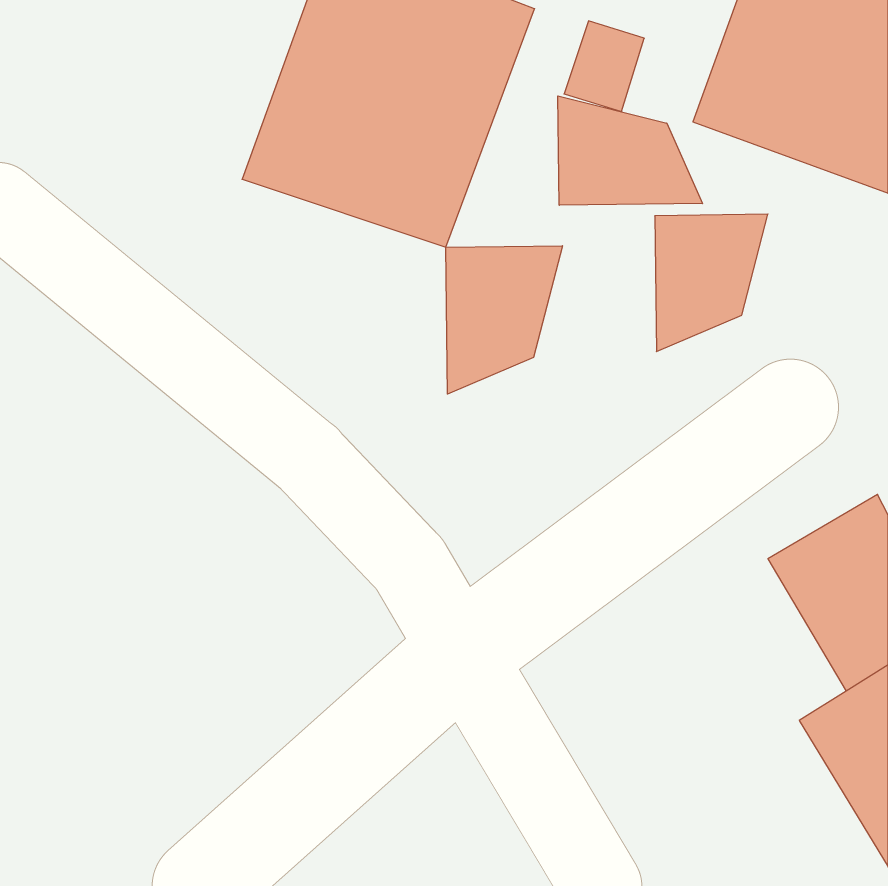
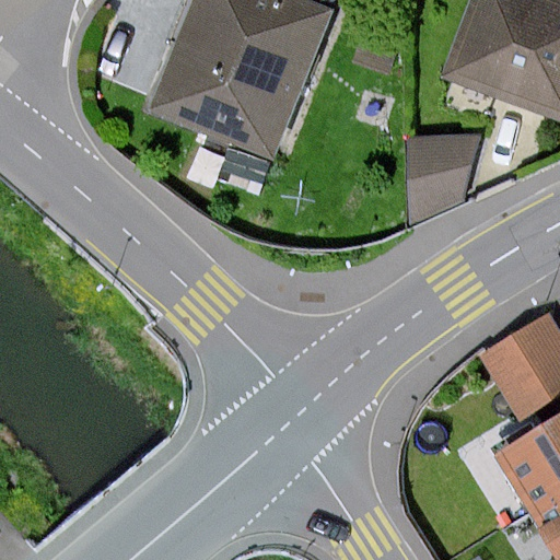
building: [558,96,702,205] -> none
building: [446,246,562,394] -> none

